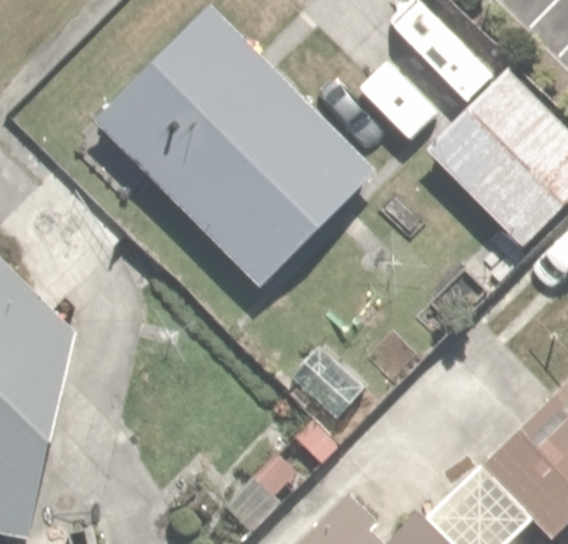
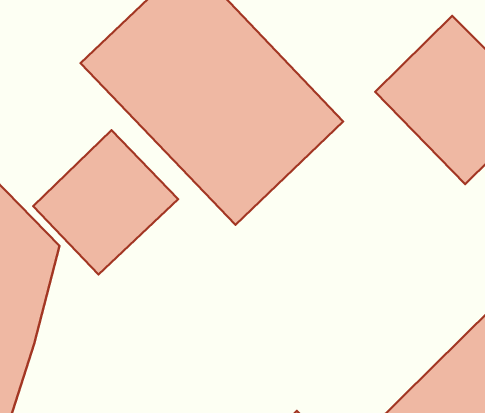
building: none -> [33,130,178,275]

